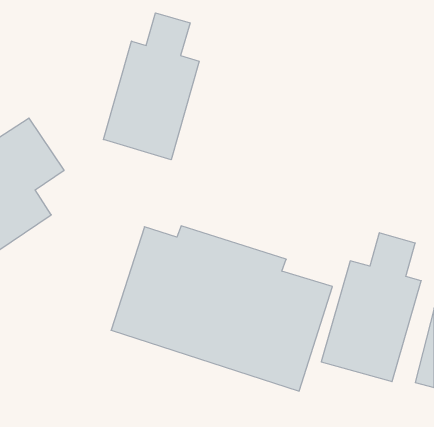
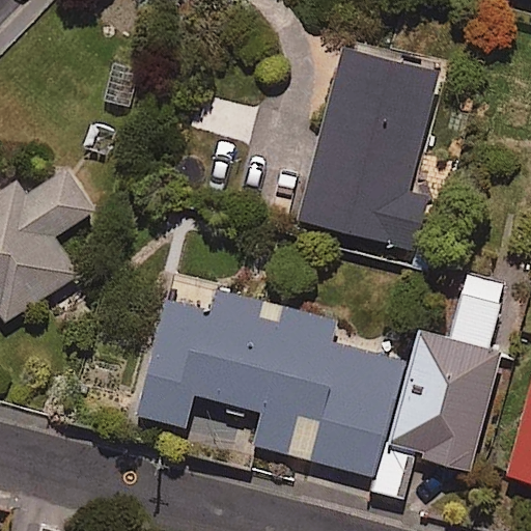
building: [103,13,199,160] -> none
building: none -> [296,40,441,253]

